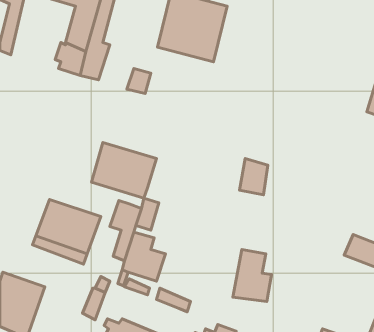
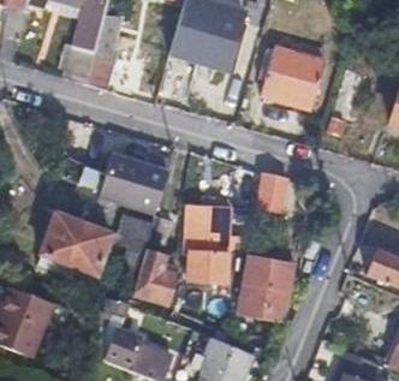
building: none -> [261,44,323,105]
building: none -> [185,206,250,296]

